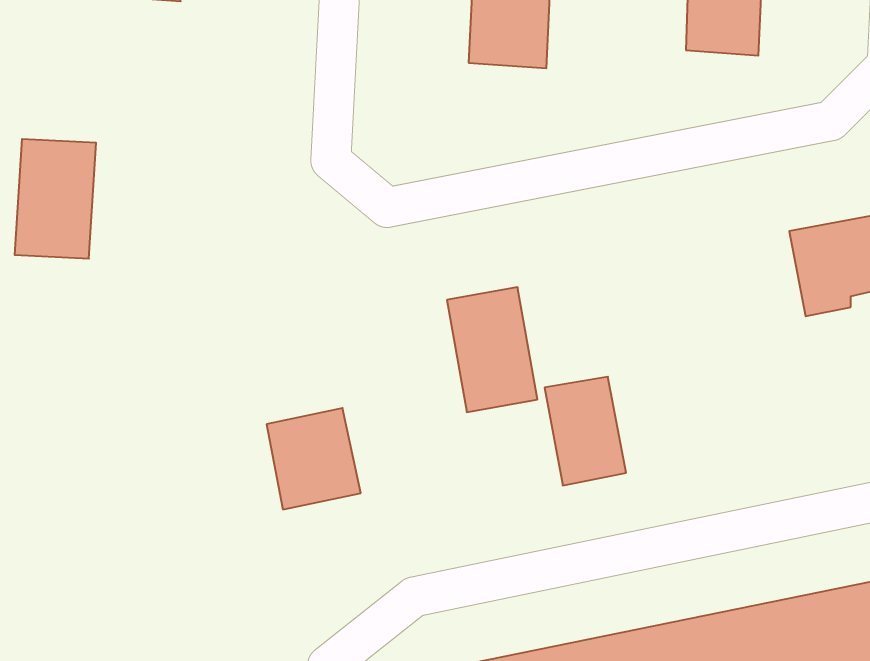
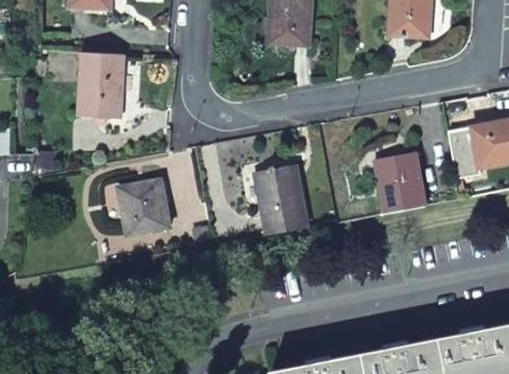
building: [15,139,96,259] -> [80,51,125,117]
building: [545,377,626,485] -> [378,151,423,211]
building: [267,408,361,509] -> [118,179,170,235]

